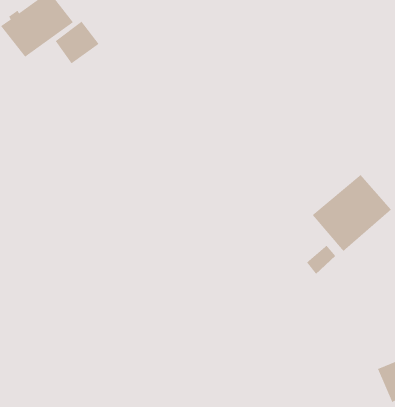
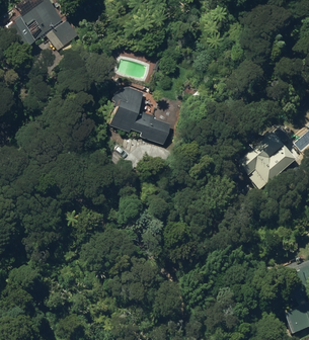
building: none -> [108,83,170,143]

